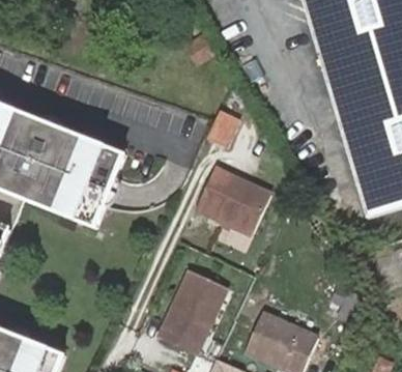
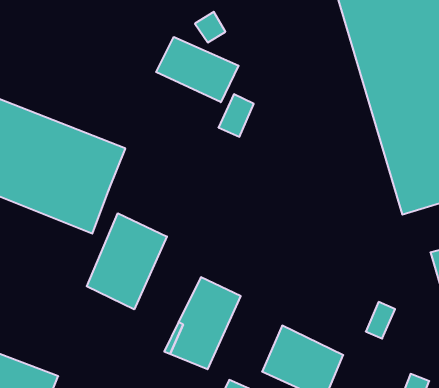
building: none -> [156,37,239,102]
building: [197,166,269,230] -> none
building: none -> [87,213,167,309]

